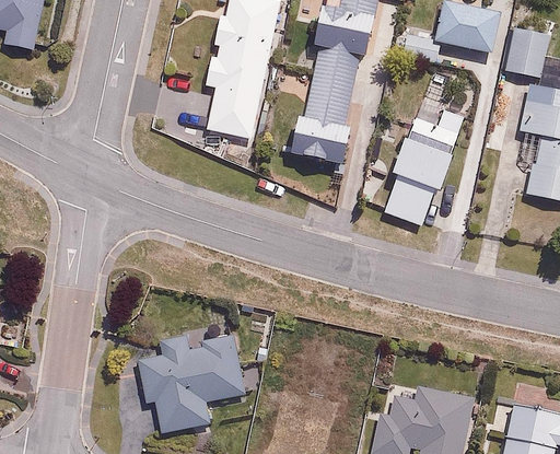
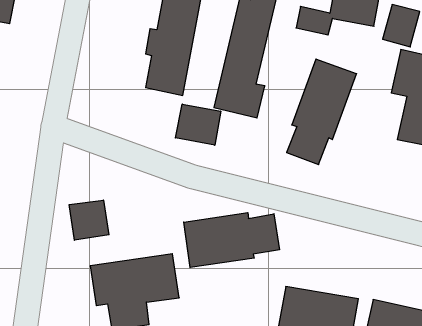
building: none -> [175,104,221,145]
building: none -> [69,200,109,240]
building: none -> [184,213,279,268]

